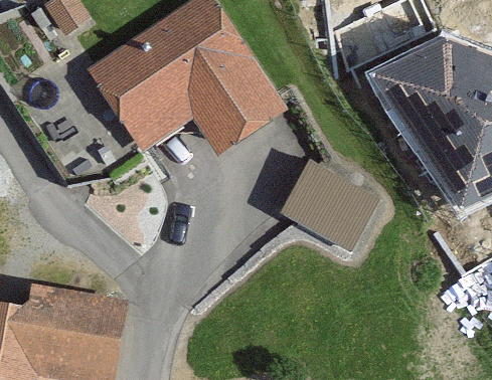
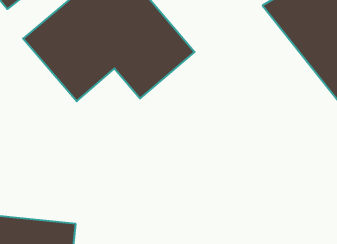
building: [280,161,375,250] -> none

